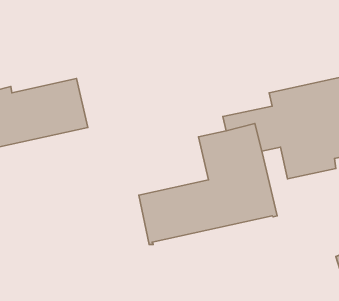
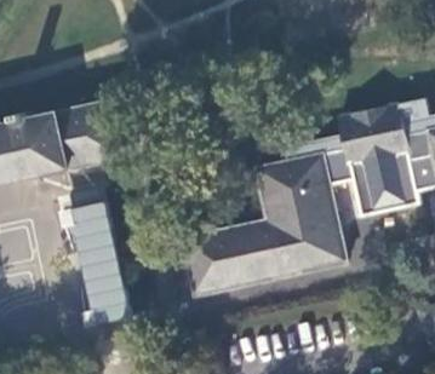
building: none -> [68,203,125,326]

